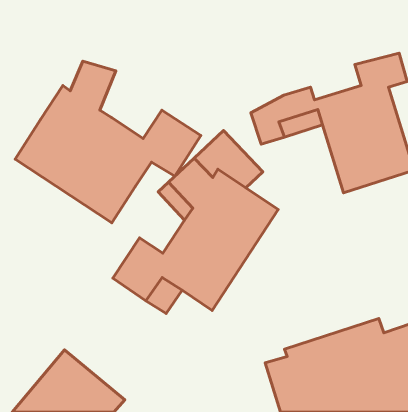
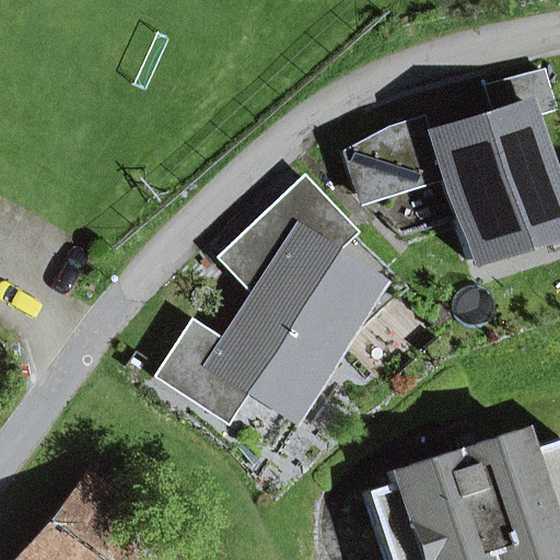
building: [15,61,201,223] -> none

